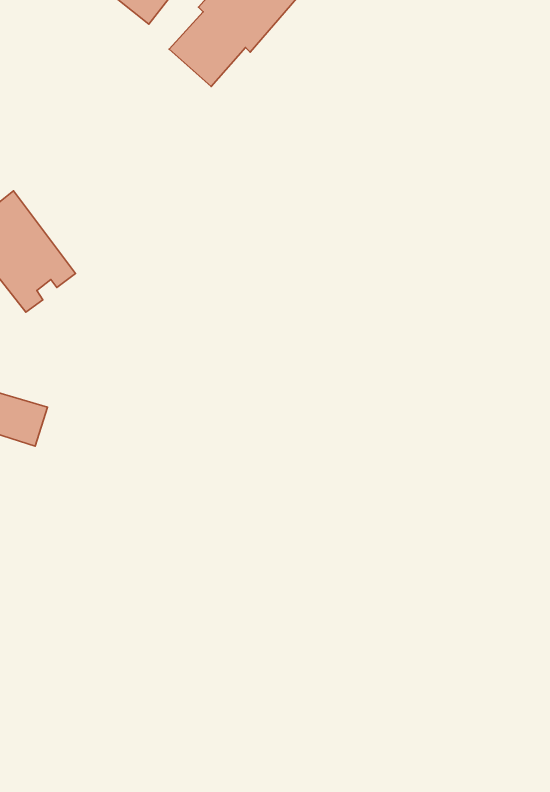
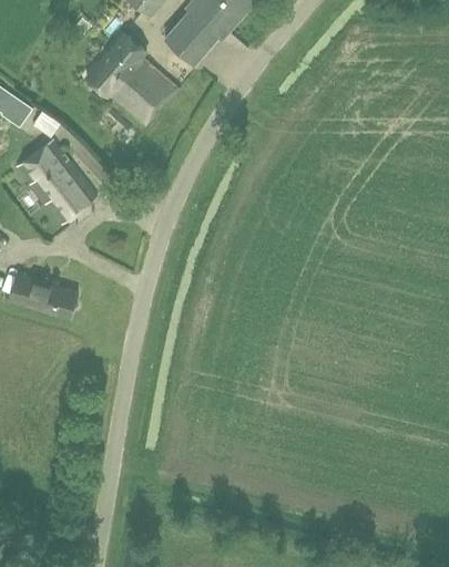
building: none -> [85,33,177,126]

